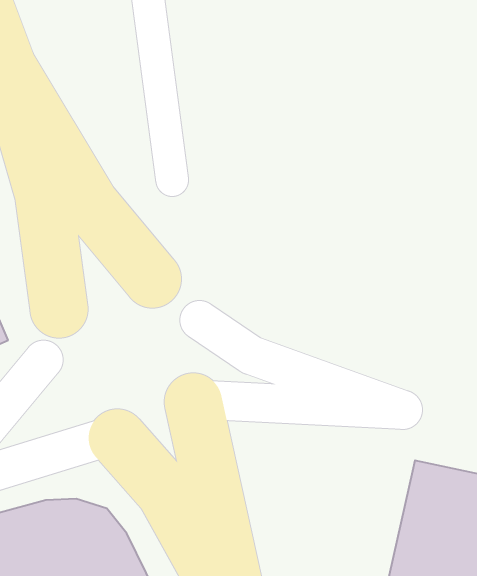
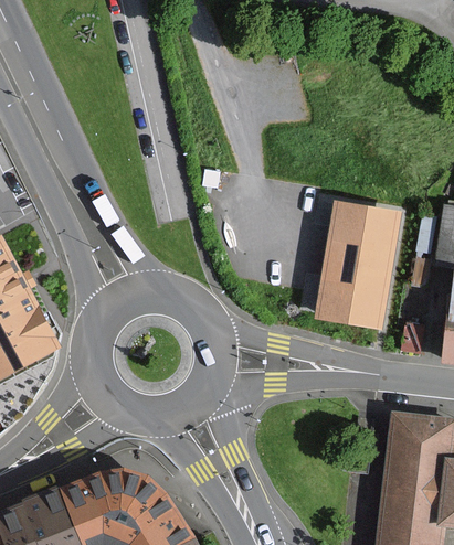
building: none -> [318,203,399,327]

